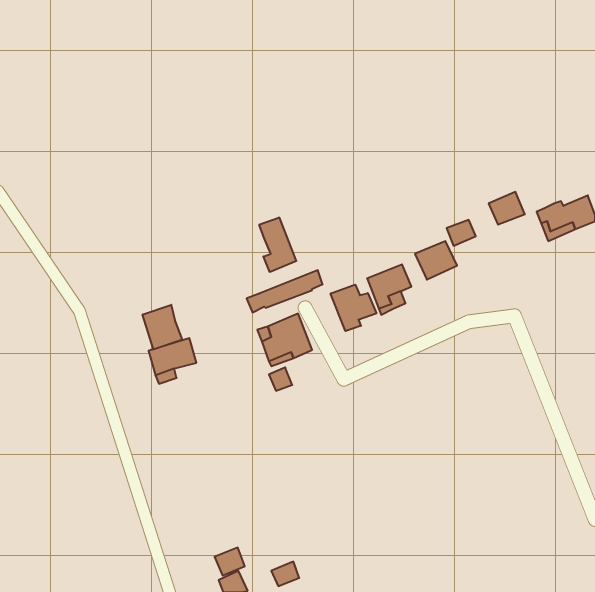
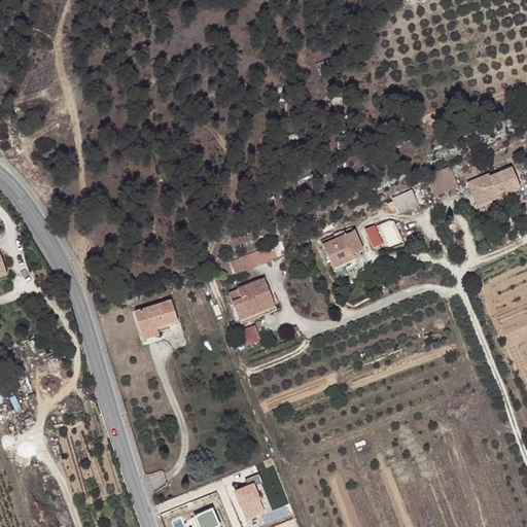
building: [259,217,296,272] -> none
building: [331,285,376,331] -> none
building: [143,305,182,349] -> none
building: [214,548,245,576] -> [232,478,258,502]

